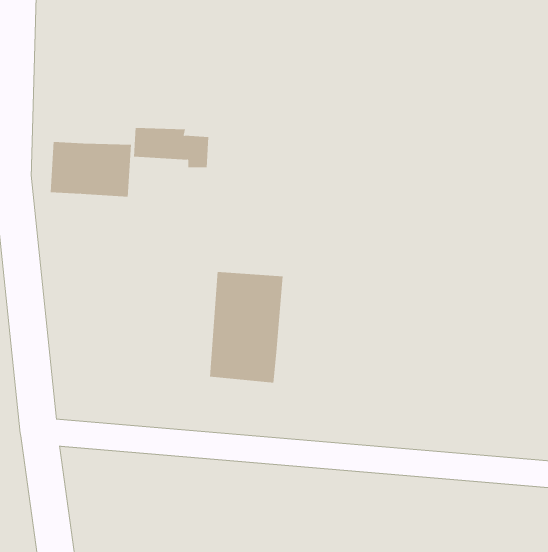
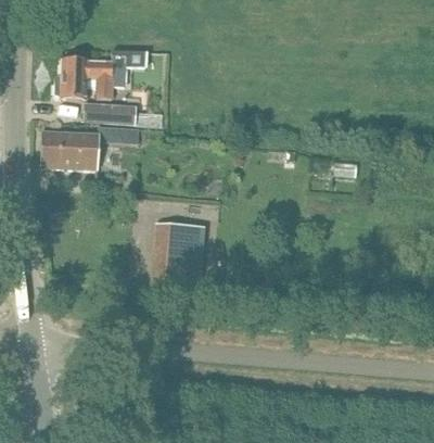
building: none -> [61,53,126,98]
building: none -> [84,102,136,122]

